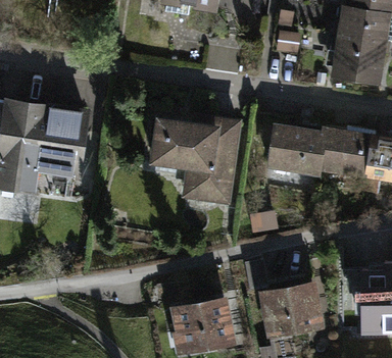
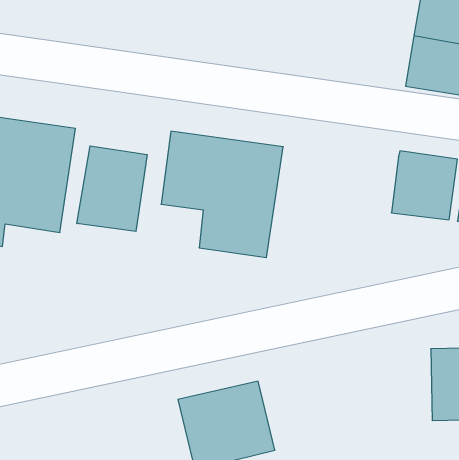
building: none -> [77,146,147,231]
building: [269,123,325,176] -> none
building: [256,279,322,339] -> none

